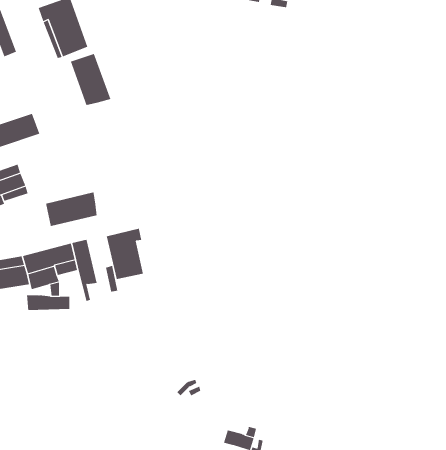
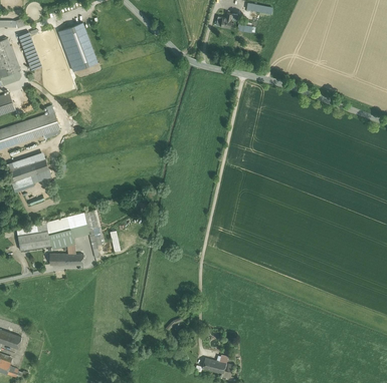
building: [70,53,111,106] -> none
building: [46,191,97,227] -> none
building: [106,228,143,280] -> none

